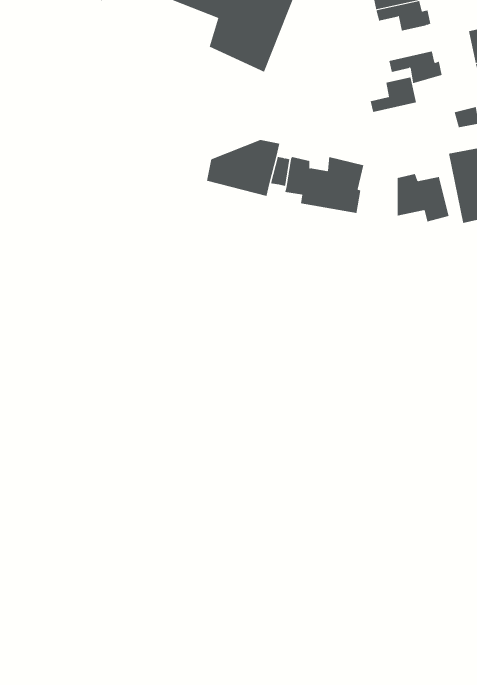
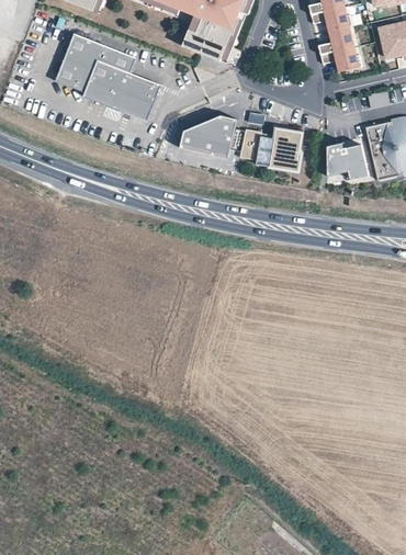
building: none -> [56,30,160,118]
building: [370,77,417,112] -> [317,26,353,54]

